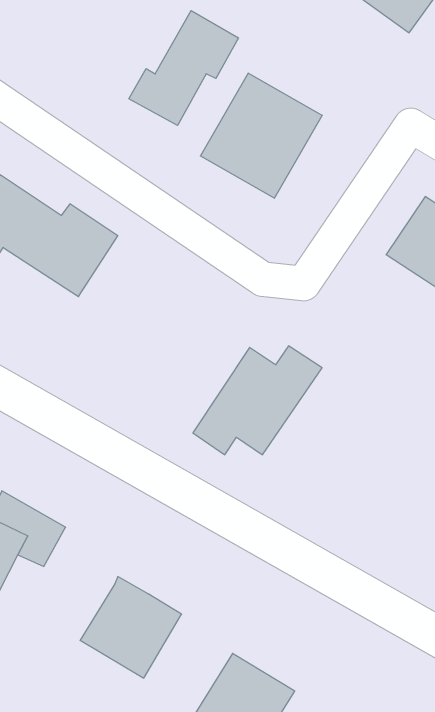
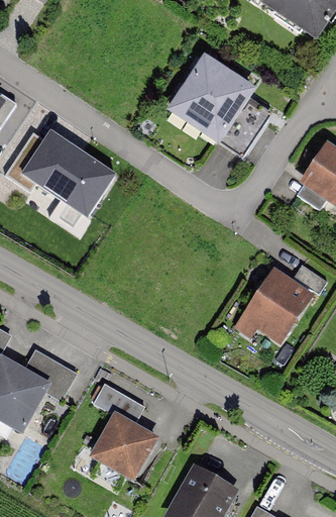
building: [129,11,239,125] -> none
building: [193,346,322,455] -> [234,268,324,343]
building: none -> [91,381,143,421]

